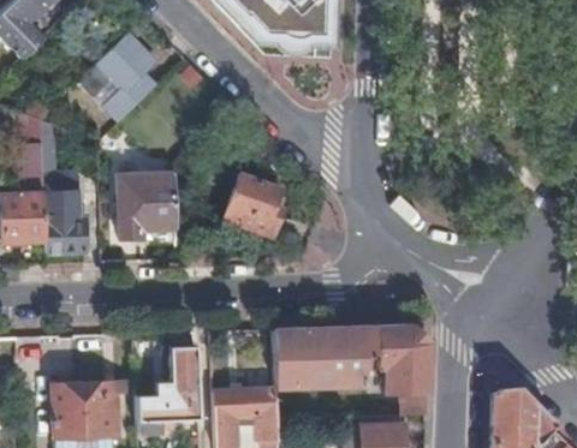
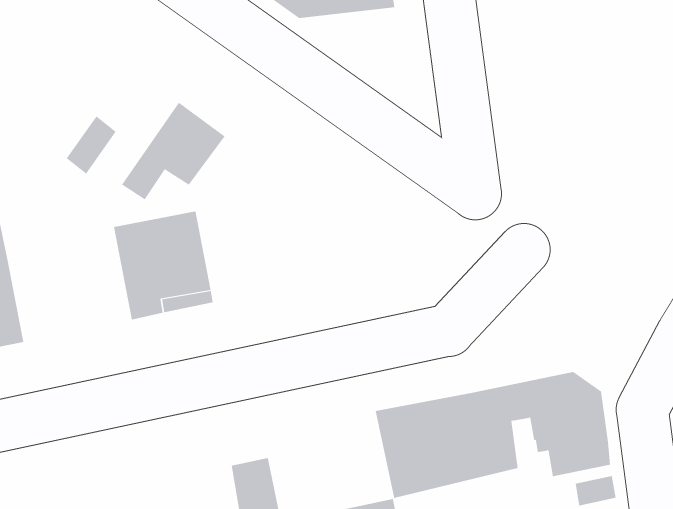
building: [81,32,156,95] -> [121,102,225,200]
building: [225,171,284,234] -> none
building: [46,184,87,251] -> none

